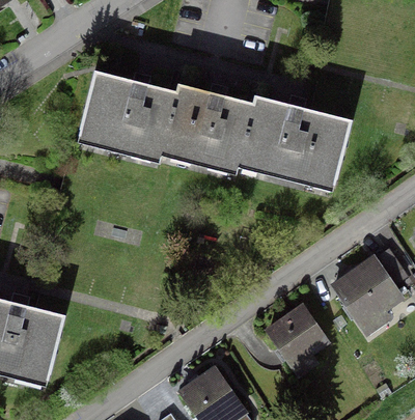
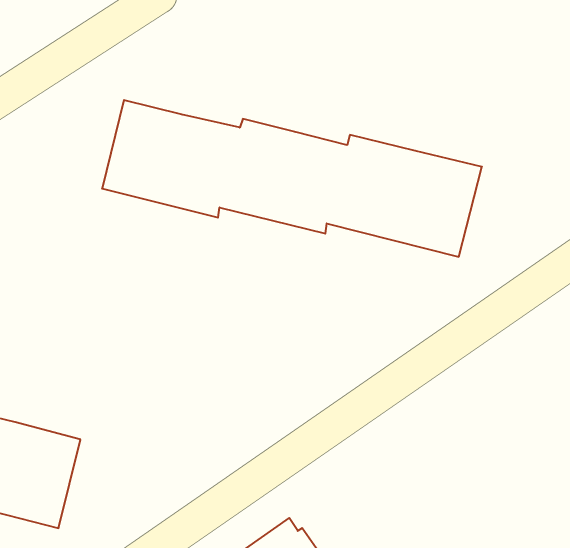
building: [334,250,404,333] -> none
building: [267,308,325,364] -> none

